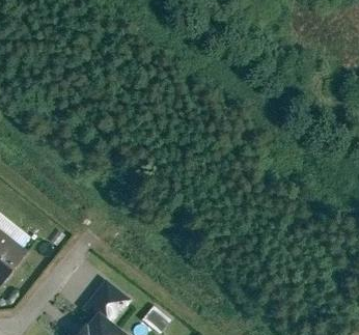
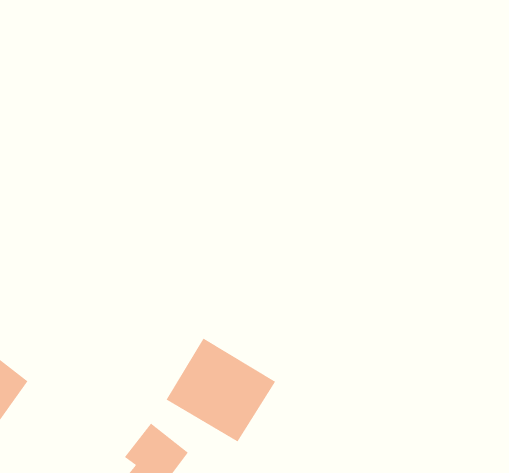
building: none -> [165,338,276,442]

